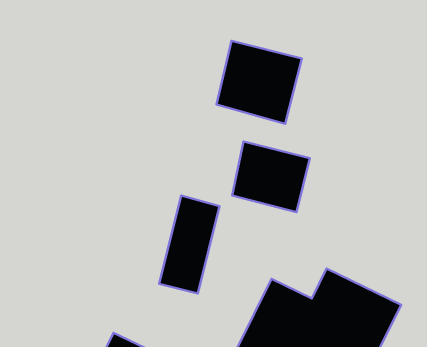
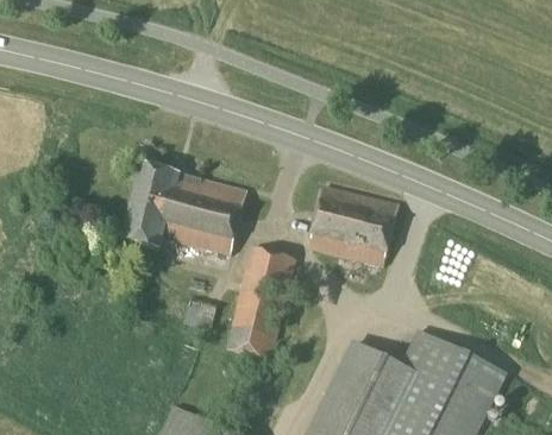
building: [216,41,302,124] -> none
building: none -> [123,163,246,253]

